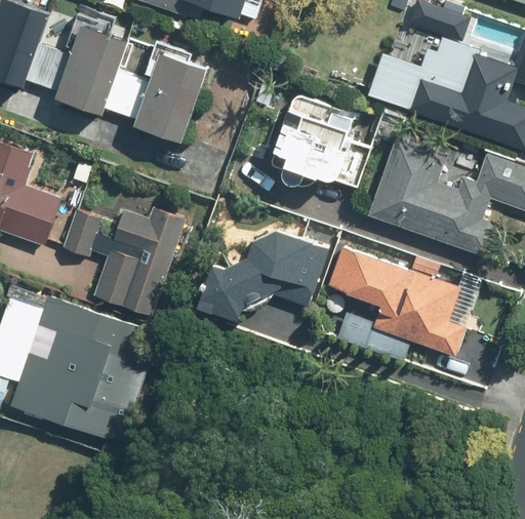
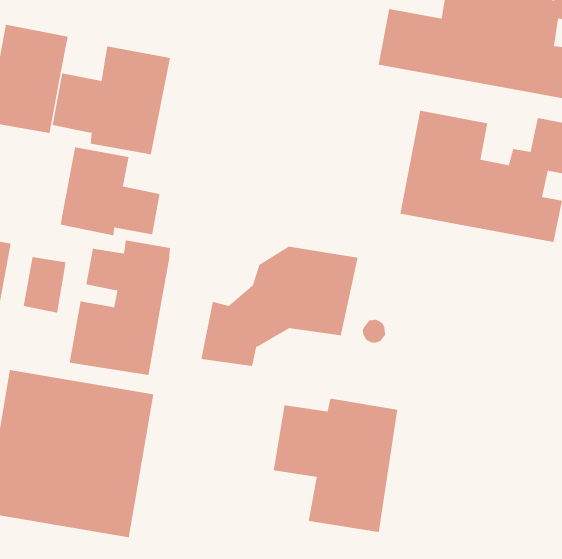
building: [269,94,378,187] -> none
building: none -> [60,147,160,236]
building: [328,245,467,357] -> none
building: none -> [273,398,398,533]

